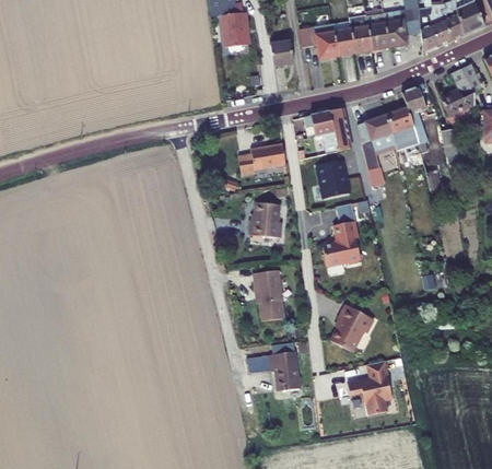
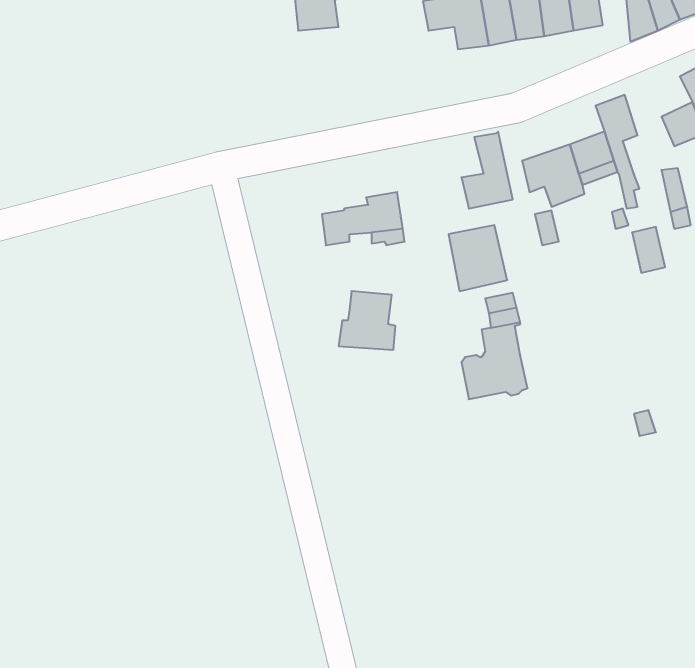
building: [270,42,293,66] -> none
building: [304,110,335,138] -> none
building: [253,270,284,320] -> none
building: [332,305,376,352] -> none
building: [269,351,301,390] -> none
building: [349,361,394,415] -> none

